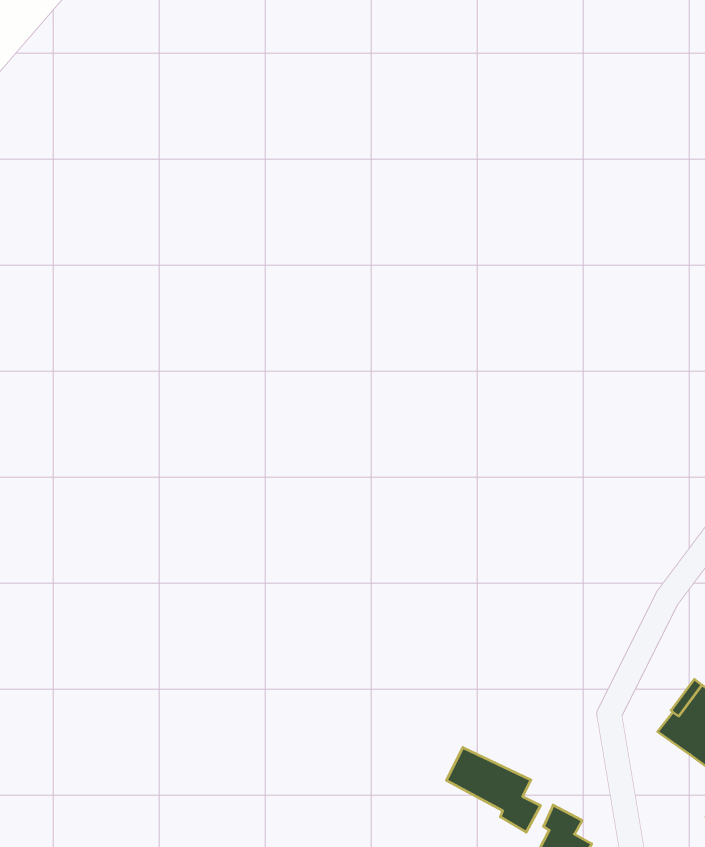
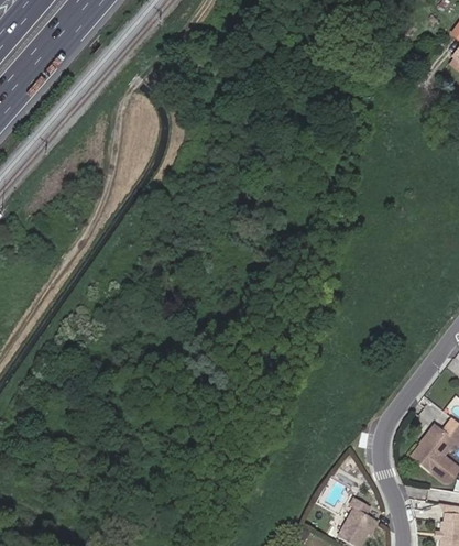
building: [446,747,540,832] -> none

